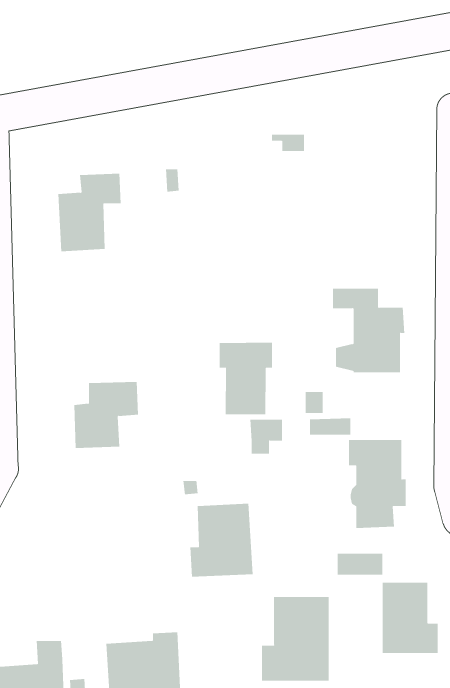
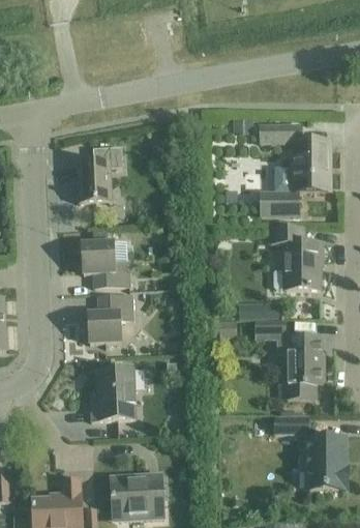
building: none -> [261,124,331,215]
building: none -> [82,239,129,287]
building: [219,342,272,415] -> none
building: [190,503,254,577] -> [91,368,137,420]
building: [261,596,329,681] -> none

